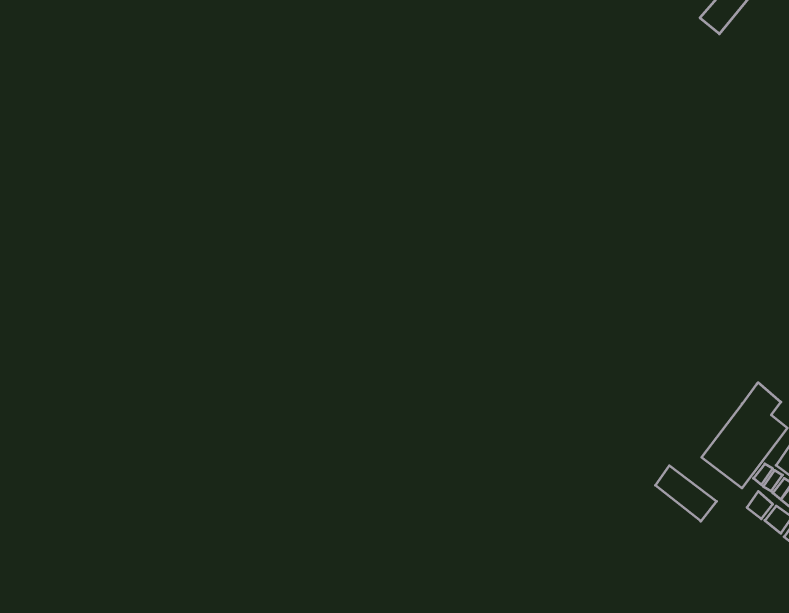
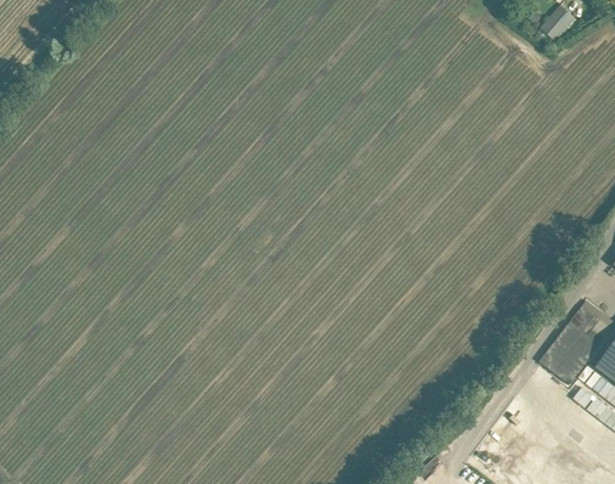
building: [655,466,717,521] -> none

